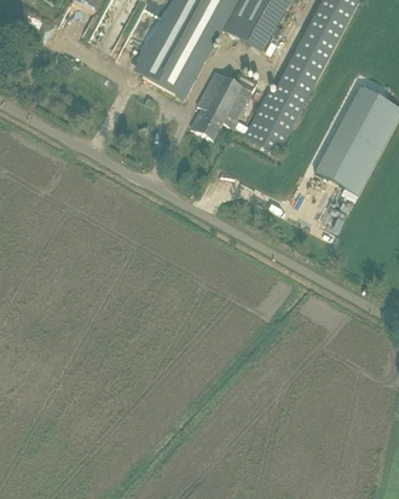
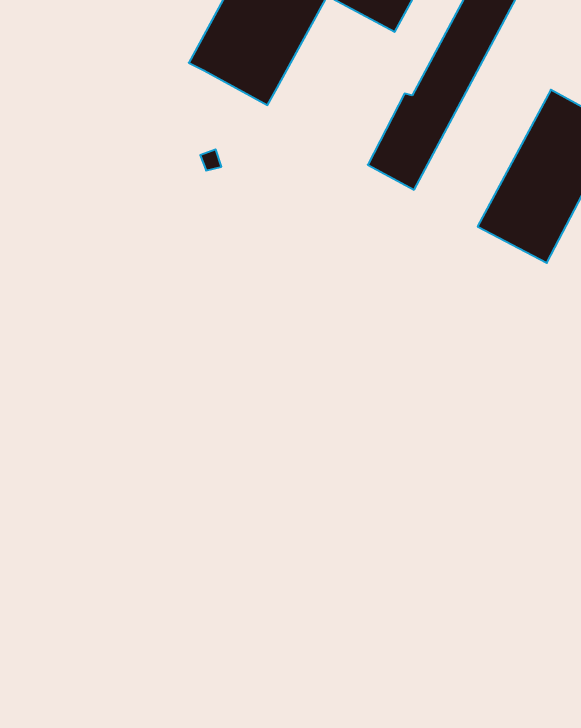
building: [196,70,258,139] -> none

